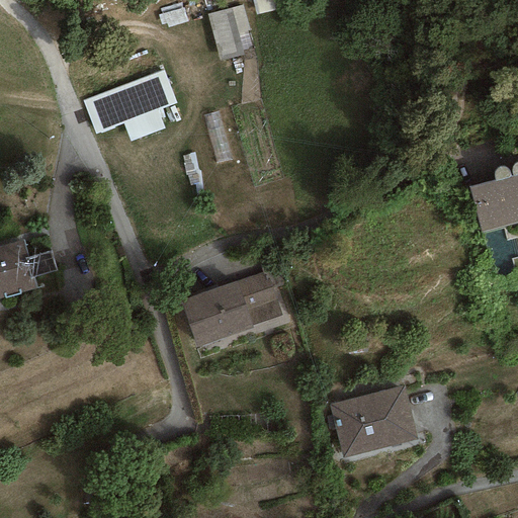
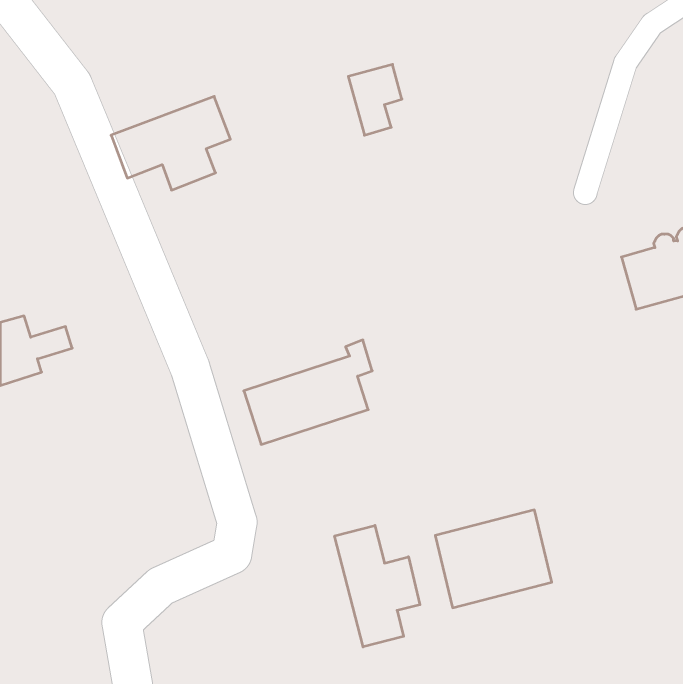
building: [209,8,250,62] -> [348,64,402,135]
building: none -> [335,525,420,647]

